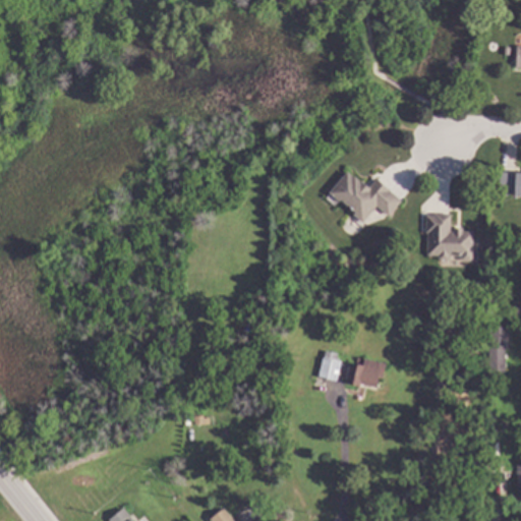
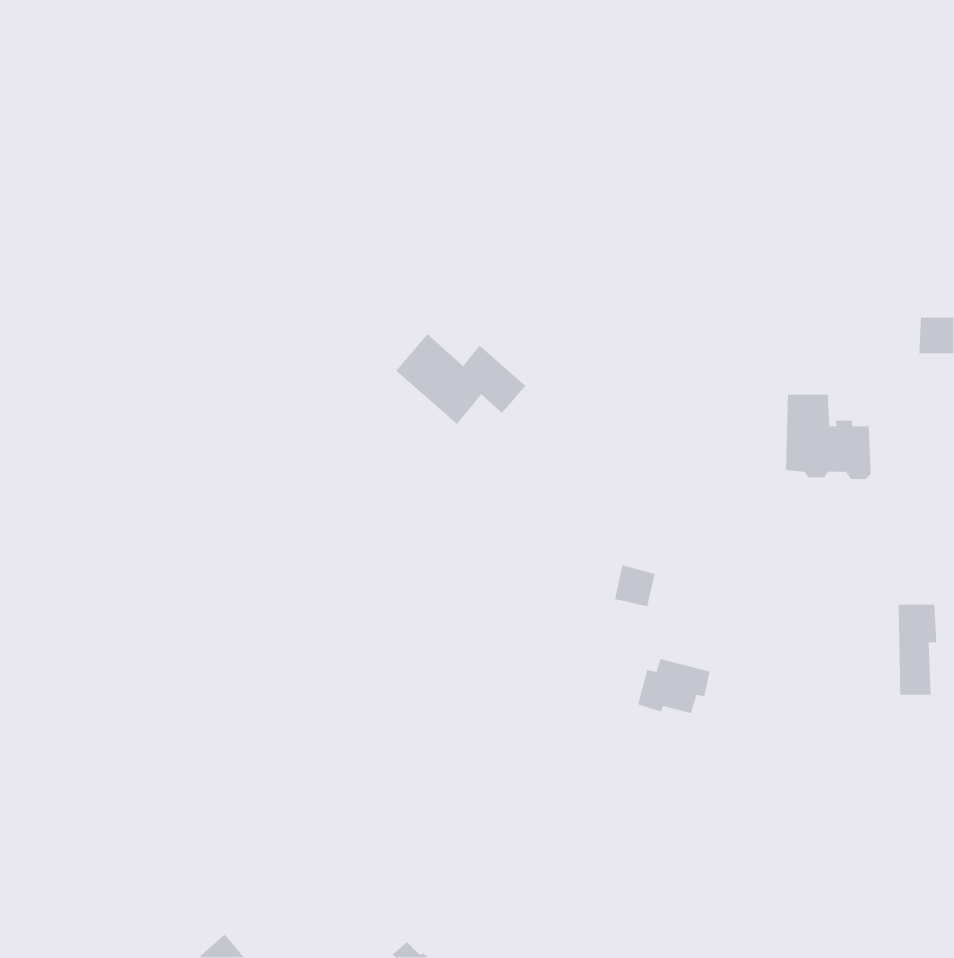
building: [330,172,401,222] -> [395,333,527,425]
building: [319,357,341,381] -> [614,564,655,607]

